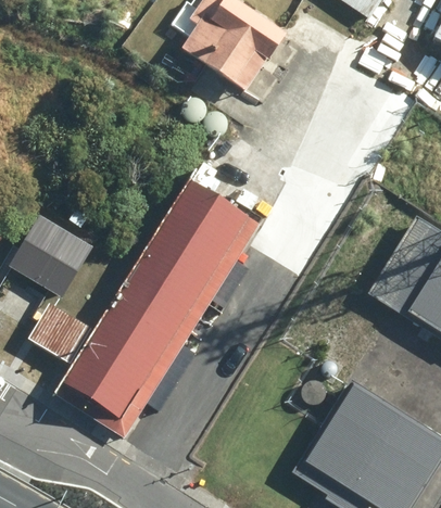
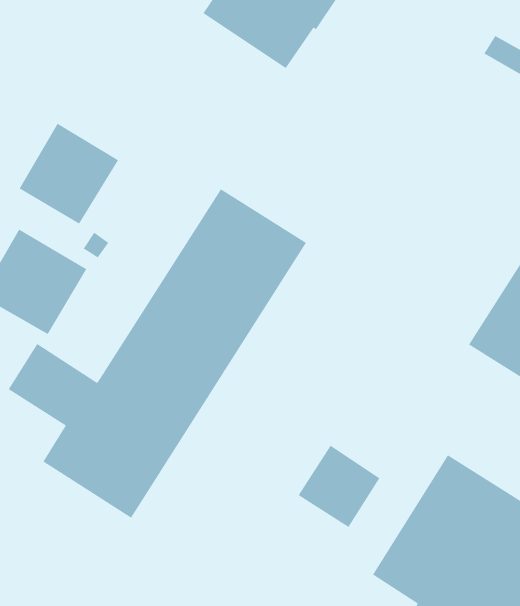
building: none -> [19,123,119,224]
building: none -> [298,445,380,528]

